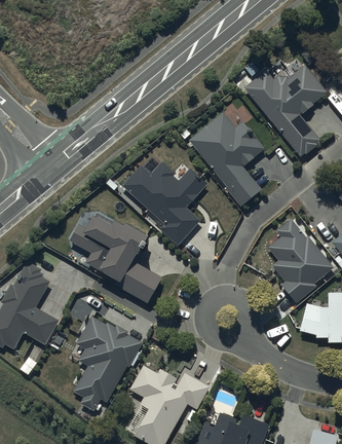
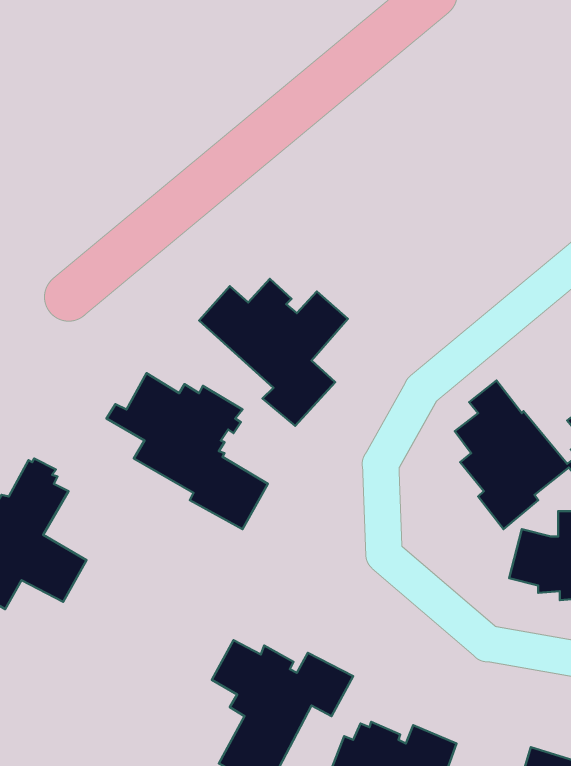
building: [244,65,326,156] -> none
building: [190,112,264,207] -> none
building: [75,316,143,410] -> none

